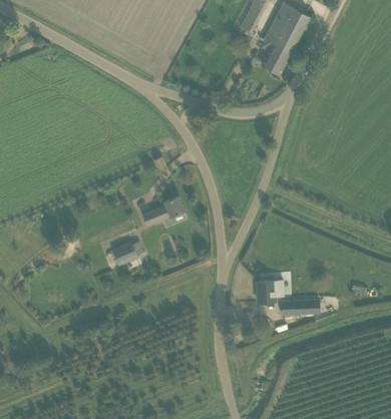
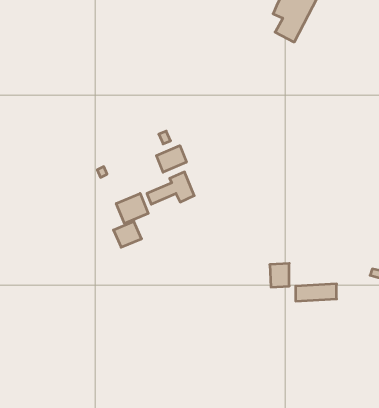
building: none -> [156,146,186,172]
building: none -> [116,193,148,223]

